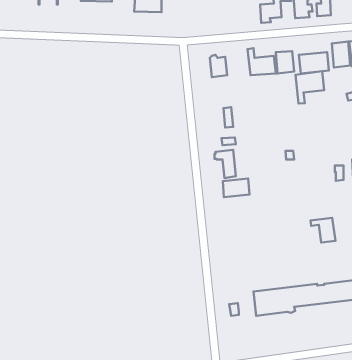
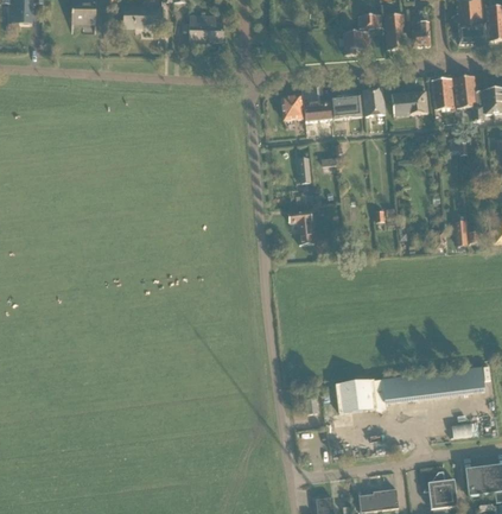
building: none -> [303,87,331,122]
building: [296,71,324,104] -> none
building: [223,178,249,197] -> none
building: [311,218,336,243] -> none

